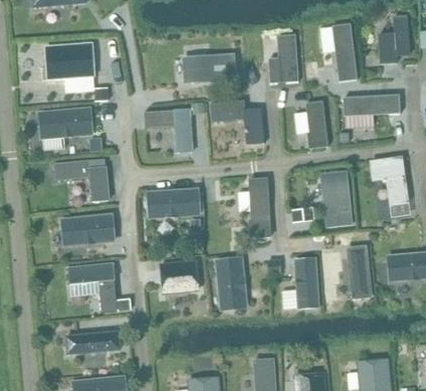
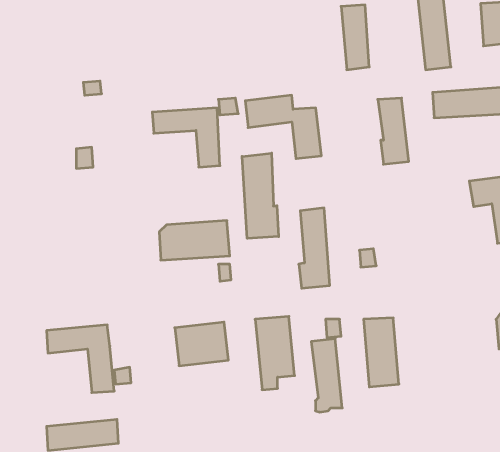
building: [48,44,93,77] -> none
building: [186,53,234,81] -> none
building: [39,108,91,138] -> none
building: none -> [242,153,279,238]
building: [53,159,109,200] -> none
building: [323,175,352,226] -> none
building: [61,214,114,244] -> none
building: [348,246,370,299] -> [311,339,342,412]

